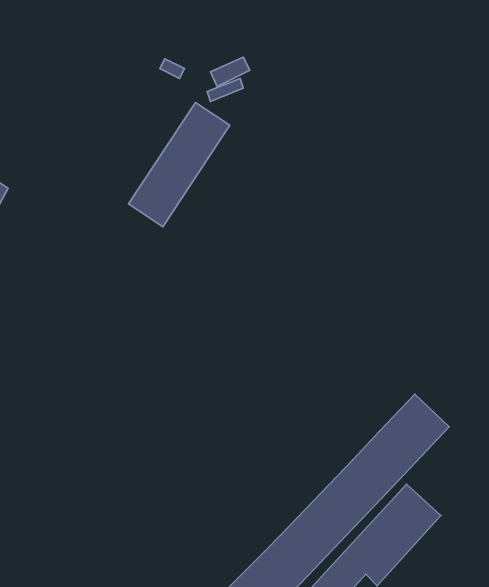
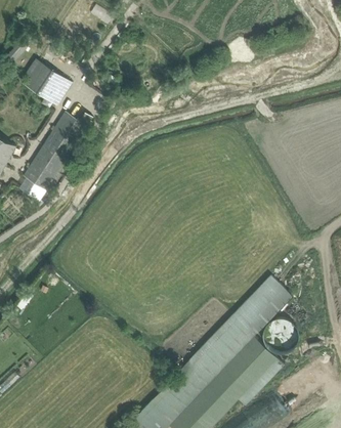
building: none -> [23,63,71,109]
building: [129,102,230,227] -> [23,115,86,192]

